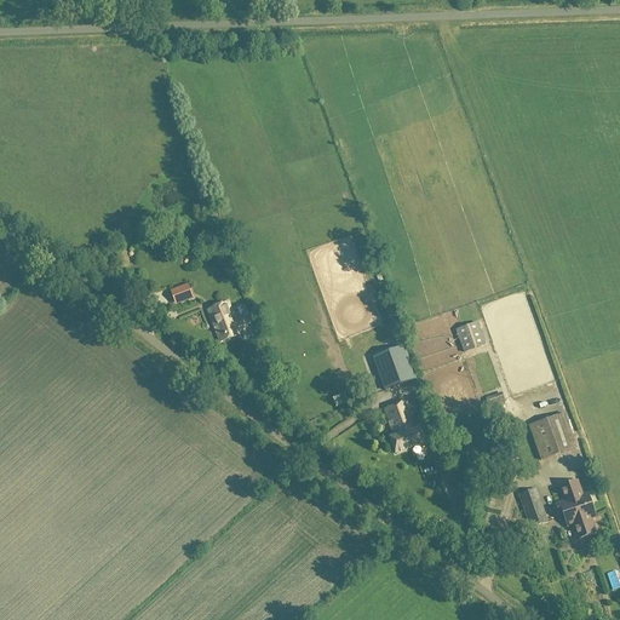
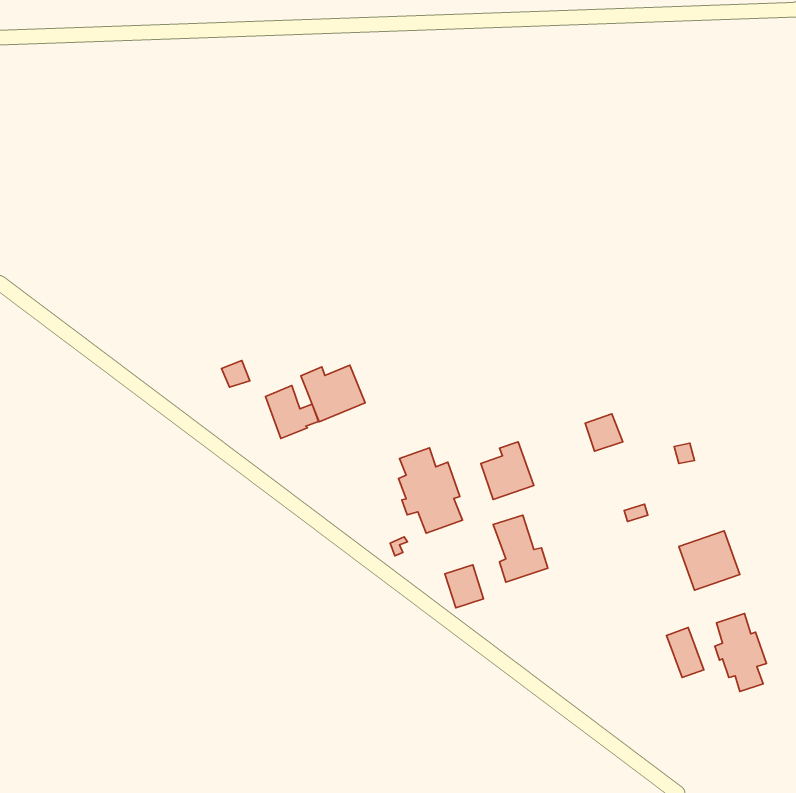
building: none -> [301,365,365,422]
building: none -> [399,448,462,533]
building: none -> [445,565,483,608]

